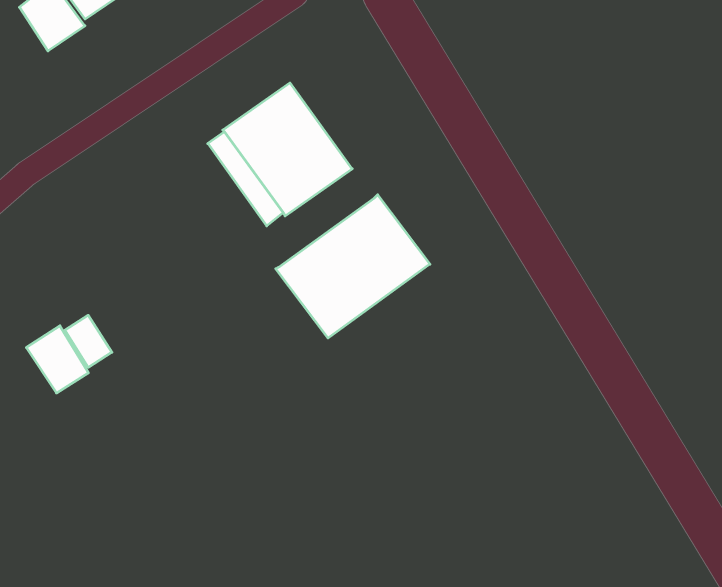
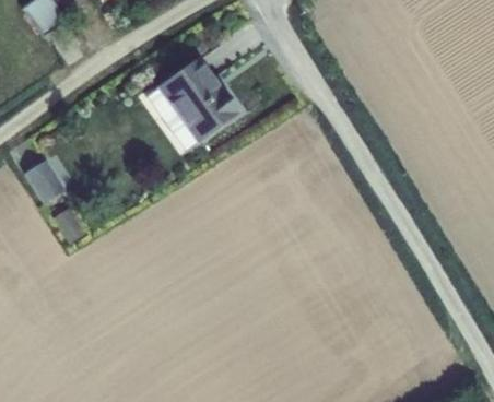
building: [276,195,430,338] -> none
building: [26,326,88,393] -> [26,157,67,201]

